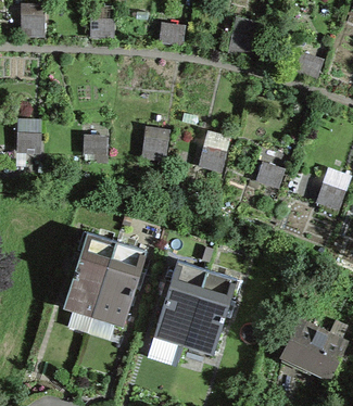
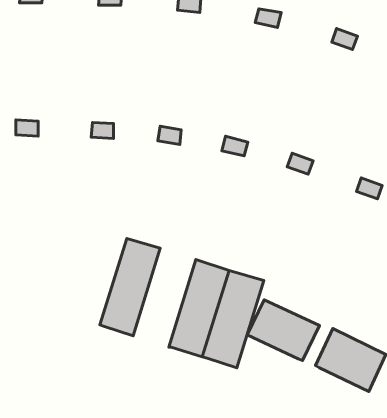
building: [62,232,116,318] -> none
building: none -> [247,300,319,360]

